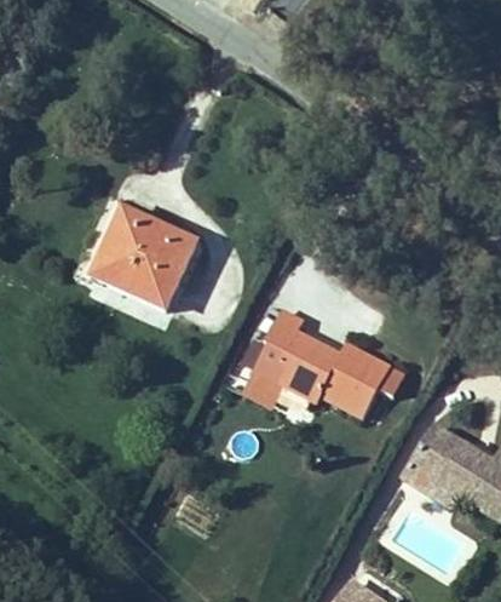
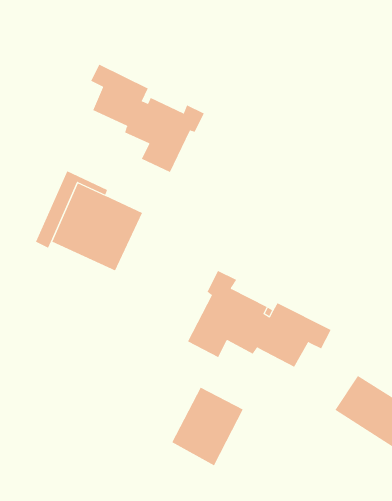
building: none -> [91,64,204,173]
building: none -> [171,387,243,466]

